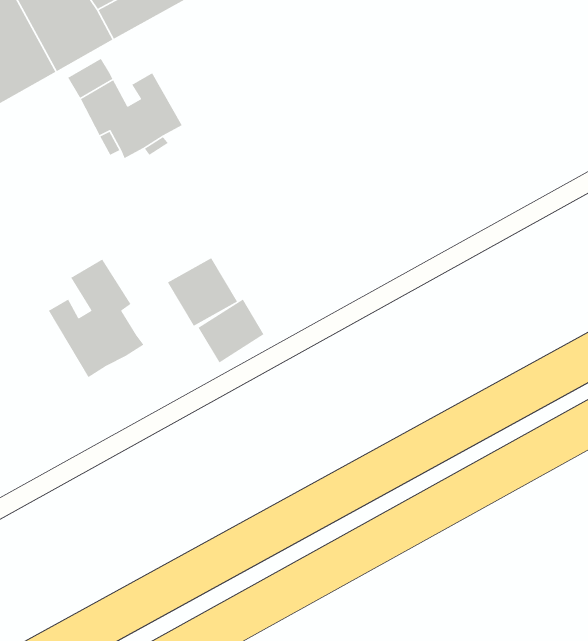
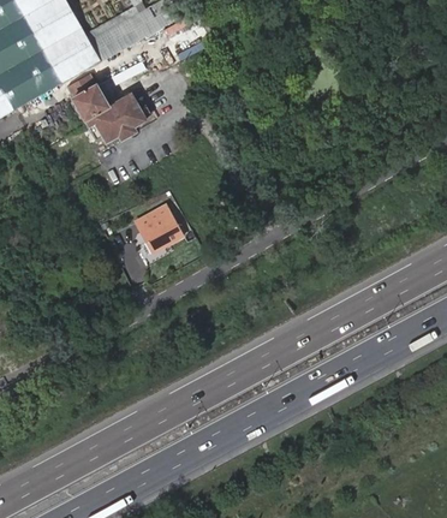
building: [48,259,144,378] -> none
building: [197,299,265,363] -> none

